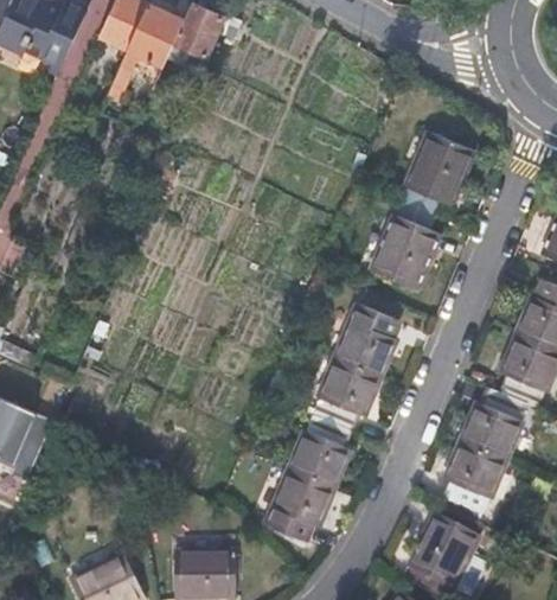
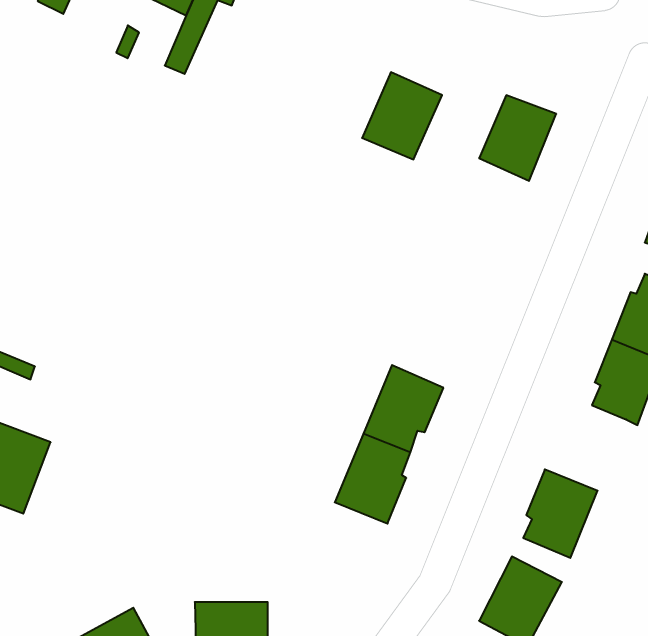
building: [372,212,438,285] -> [362,72,442,159]
building: [335,301,397,375] -> none
building: [462,387,530,460] -> none
building: [265,470,332,540] -> none

